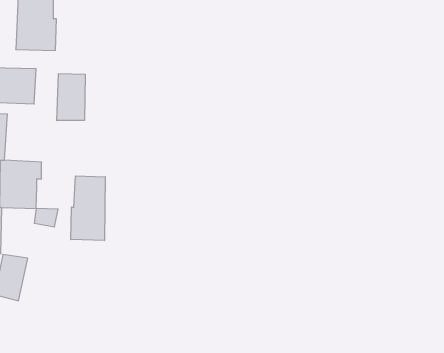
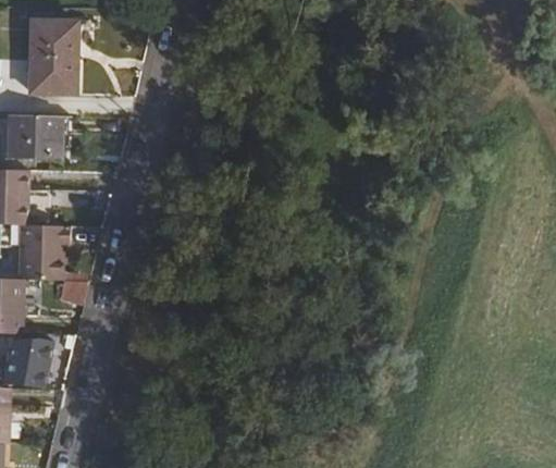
building: [57,74,85,121] -> none
building: [71,176,105,241] -> none

